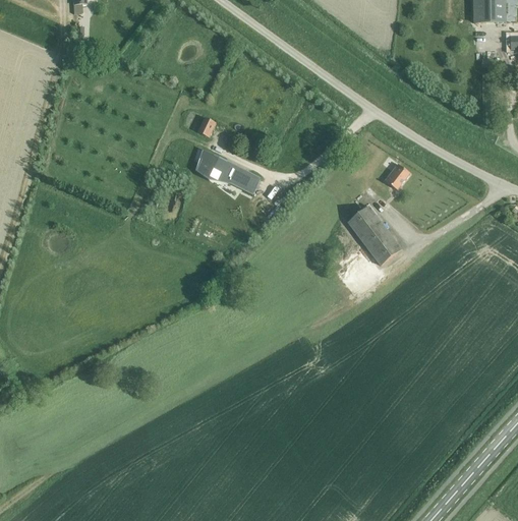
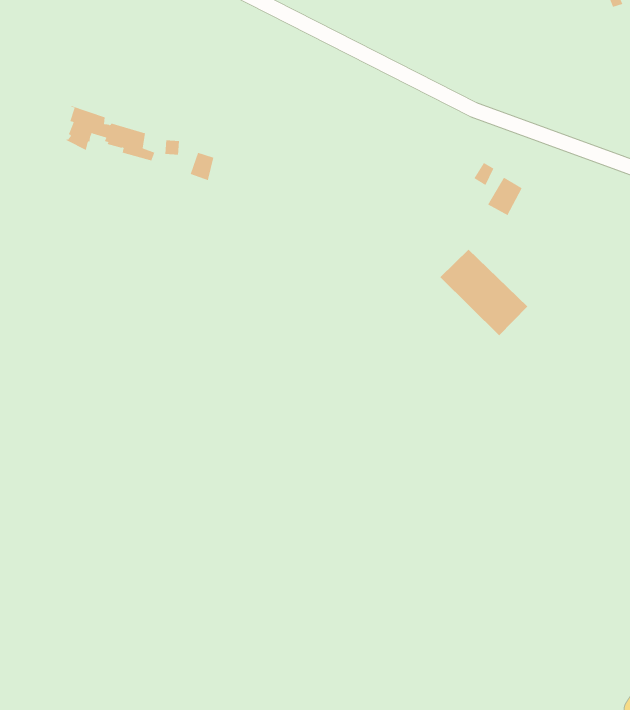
building: [195,148,252,191] -> [64,105,155,161]

